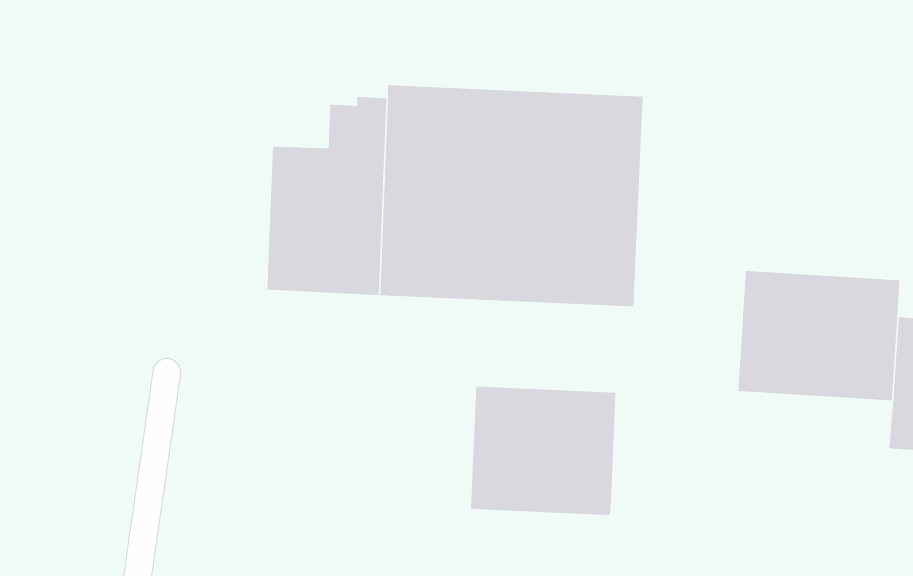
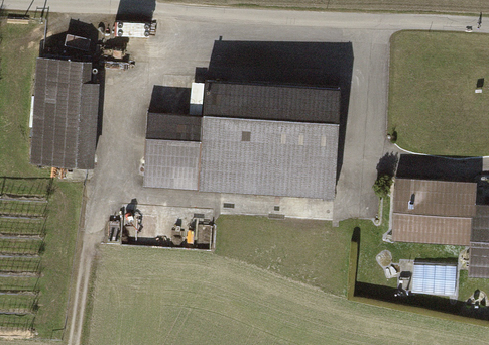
building: none -> [27,60,101,169]
building: [471,386,616,516] -> none

